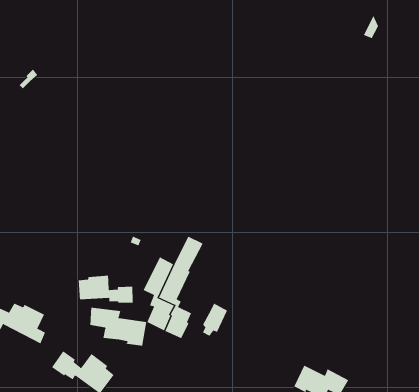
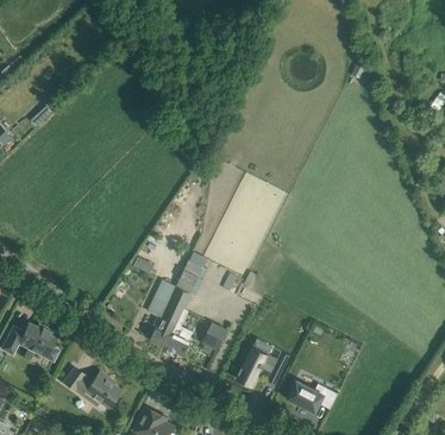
building: [78,275,133,304] -> none
building: [90,307,147,347] -> none
building: none -> [234,346,289,386]

